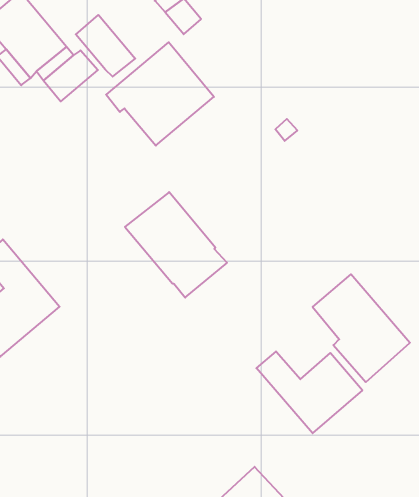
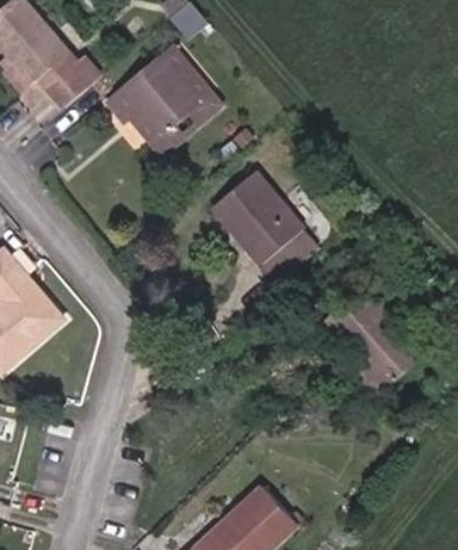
building: [76,15,135,77] -> none
building: [125,192,227,298] -> [211,171,316,279]
building: [256,351,362,433] -> none

